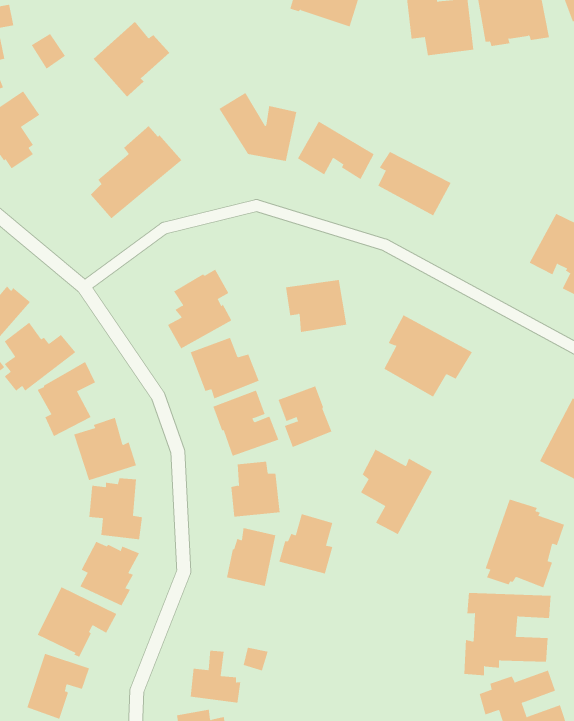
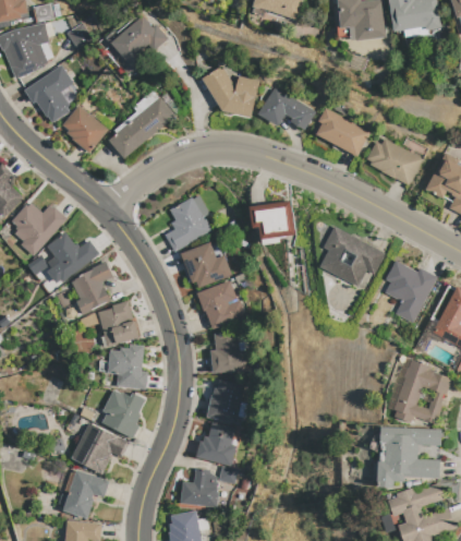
building: none -> [62,106,108,153]
building: none -> [366,139,421,185]
building: [278,386,332,448] -> none
building: [360,449,433,535] -> [385,261,437,323]
building: [279,514,333,574] -> [196,422,235,466]

